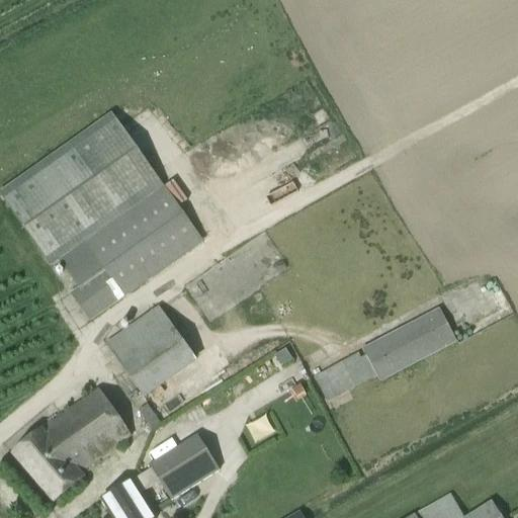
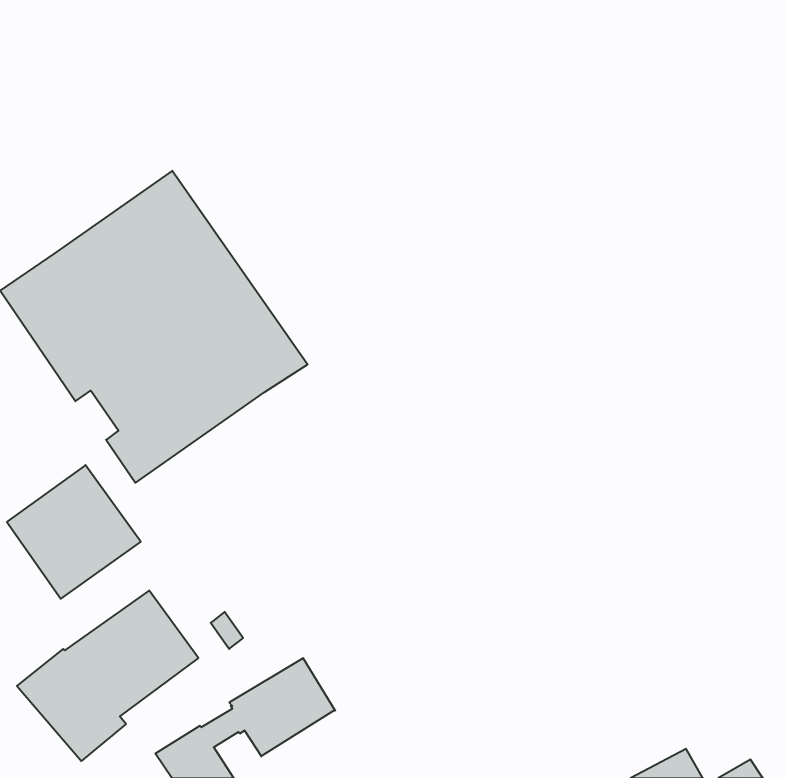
building: [107,305,195,393] -> [7,465,141,599]
building: [315,306,456,399] -> none

